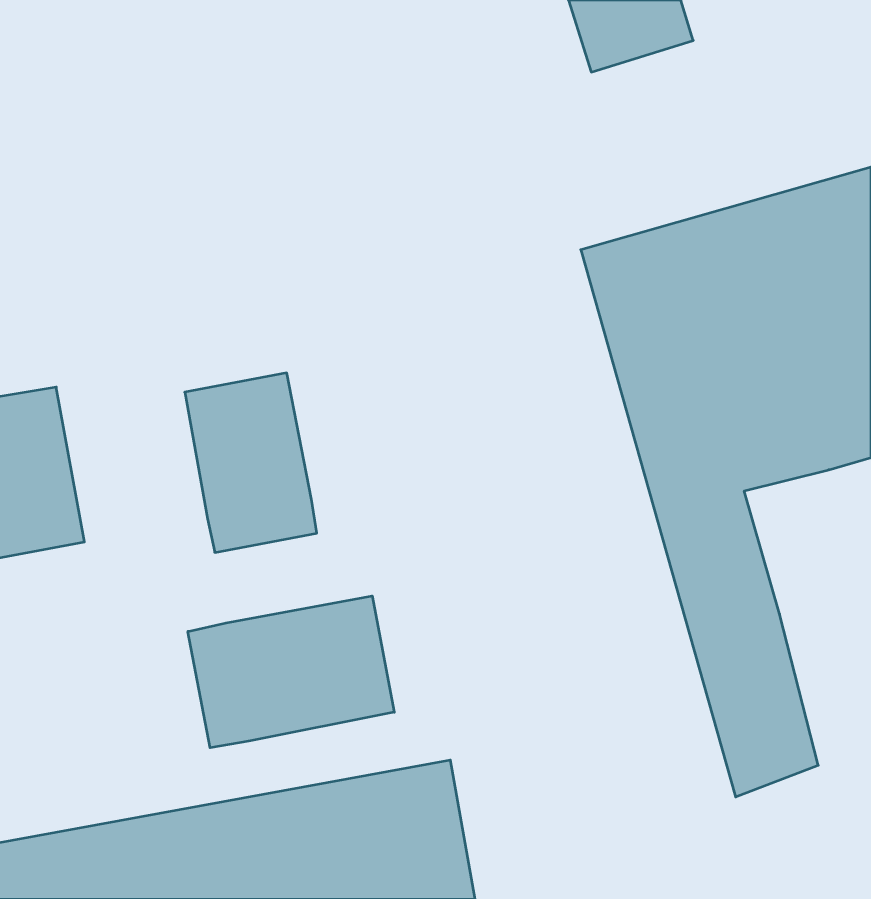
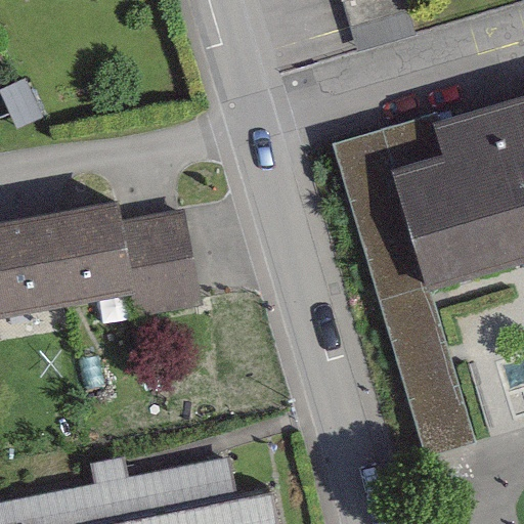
building: none -> [33,212,121,315]
building: [188,596,394,748] -> none

